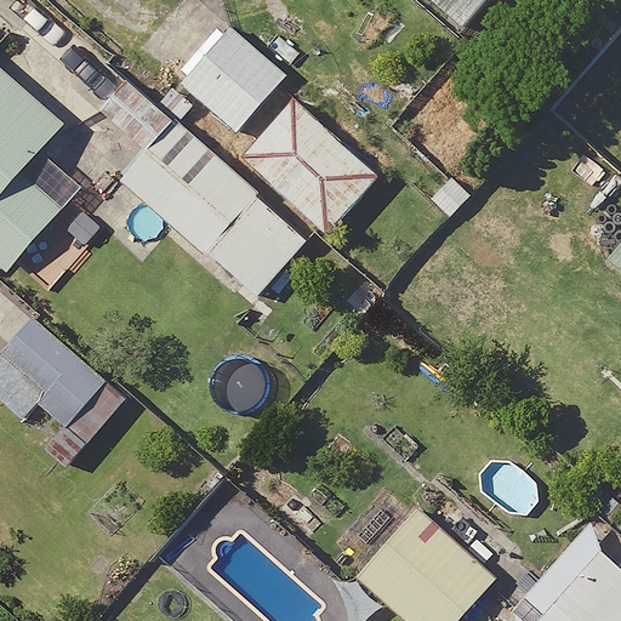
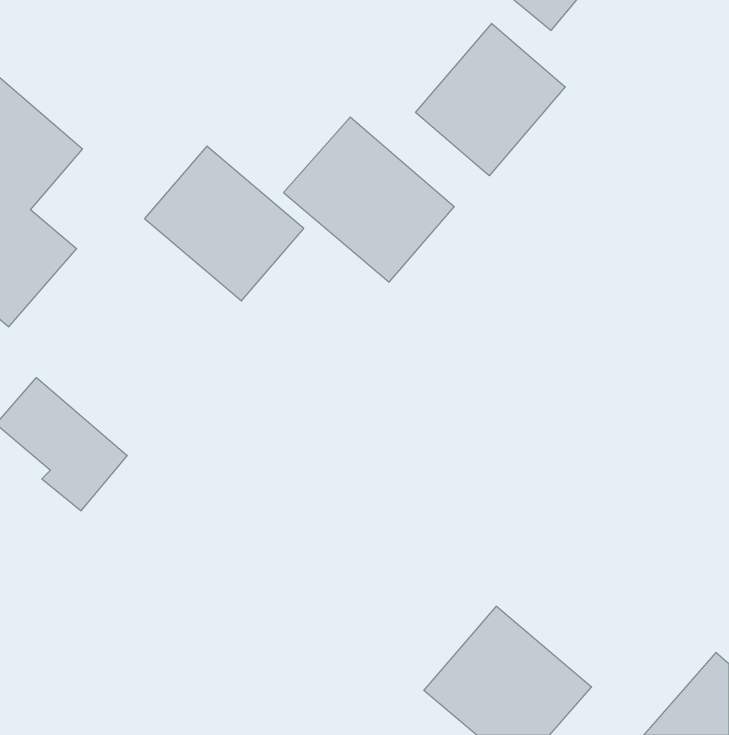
building: none -> [416,23,565,176]
building: [175,24,284,135] -> none
building: [211,199,306,295] -> none

